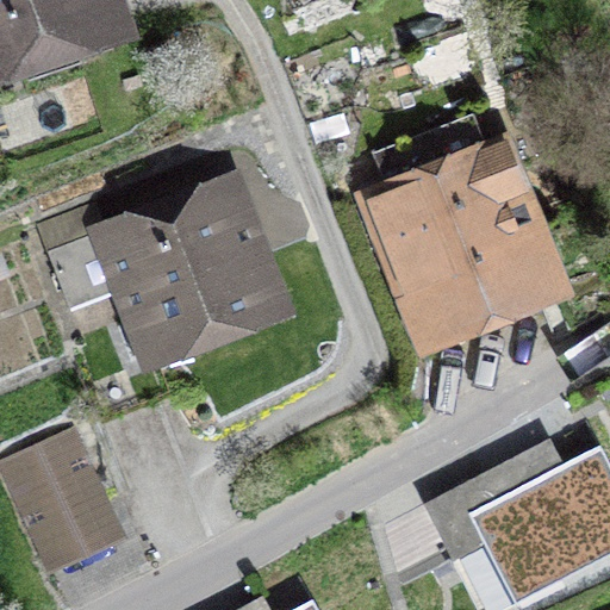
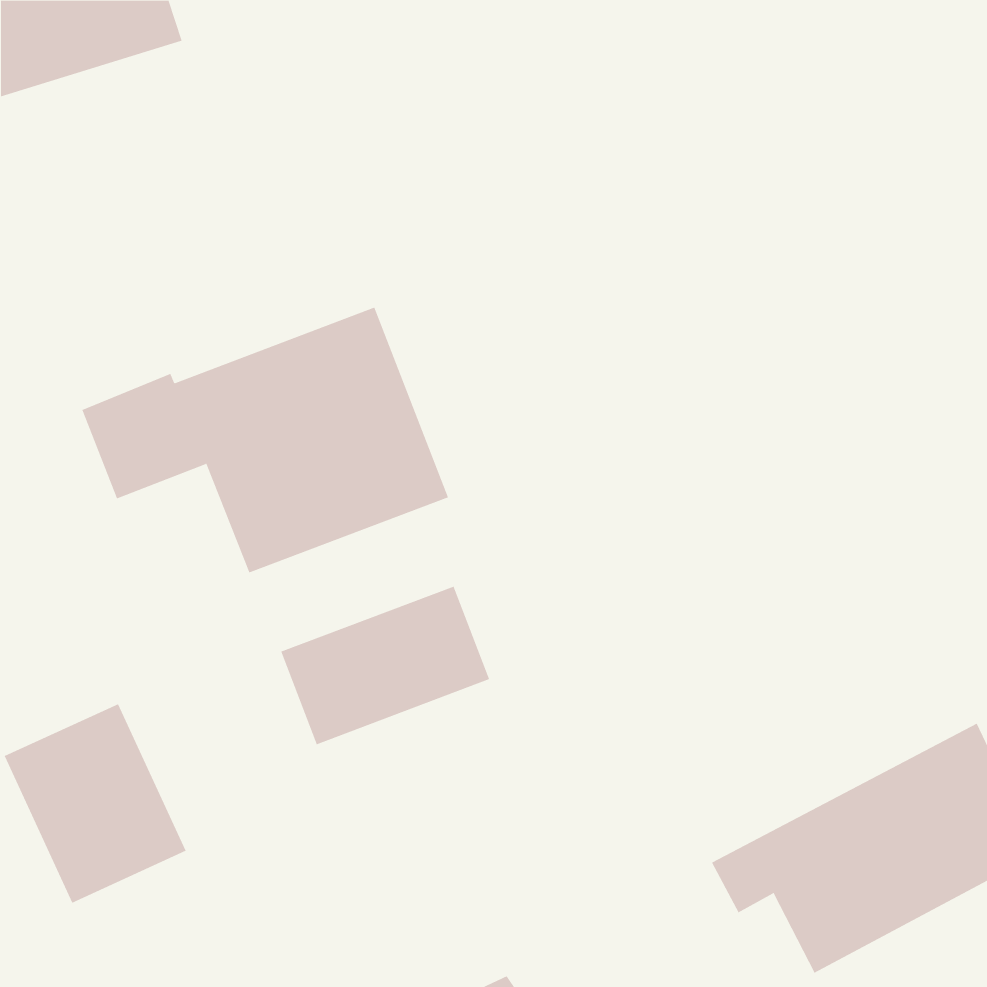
building: [374,120,559,341] -> none
building: none -> [281,586,490,745]

